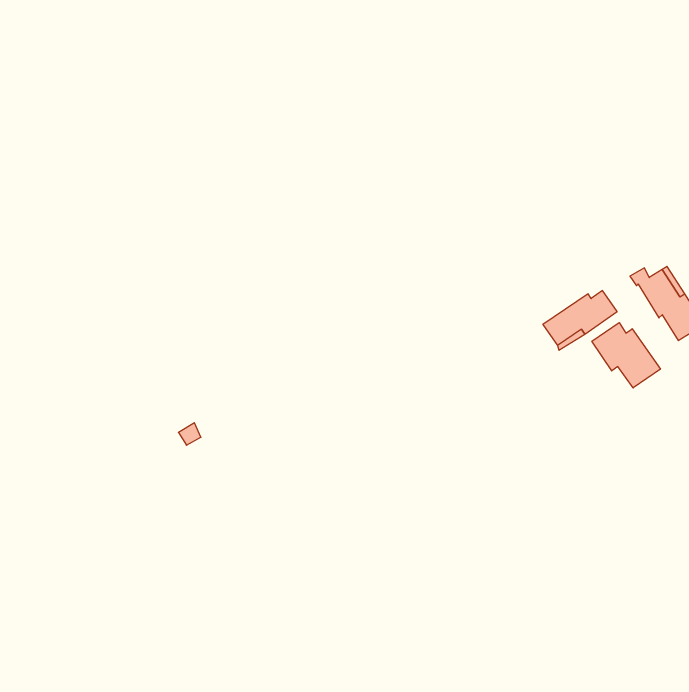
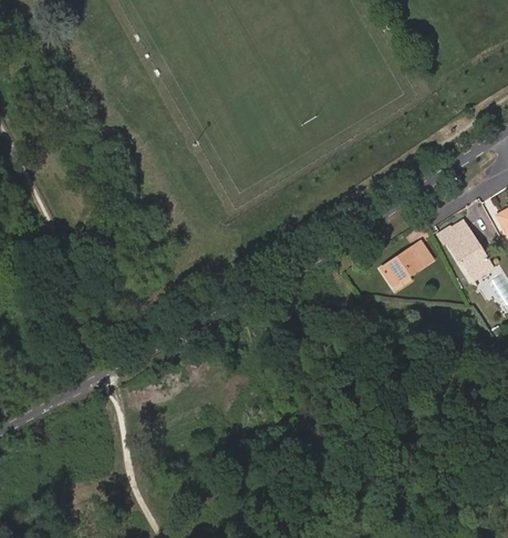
building: [592,323,660,388] -> none

